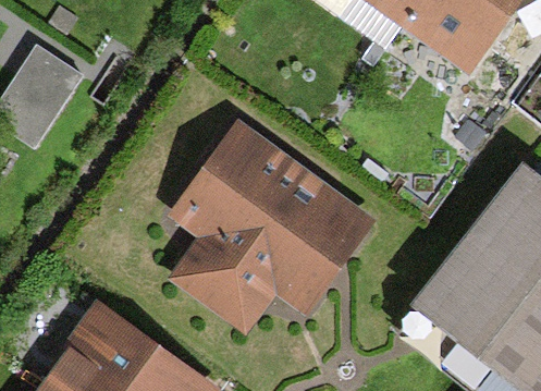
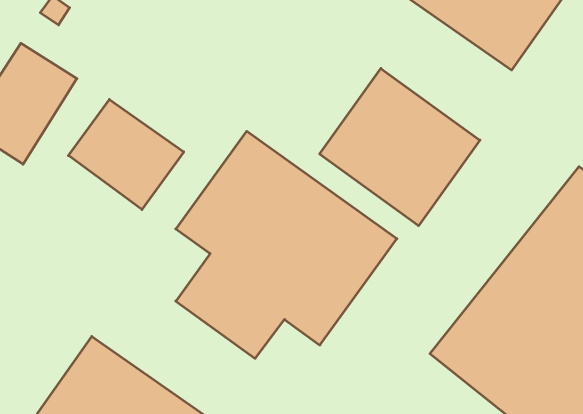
building: none -> [320,68,480,226]
building: none -> [68,99,184,210]

